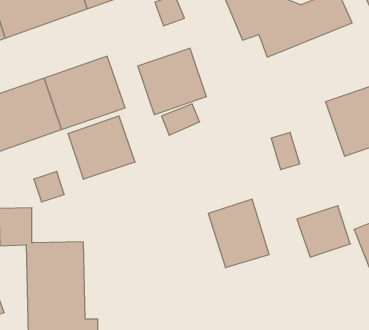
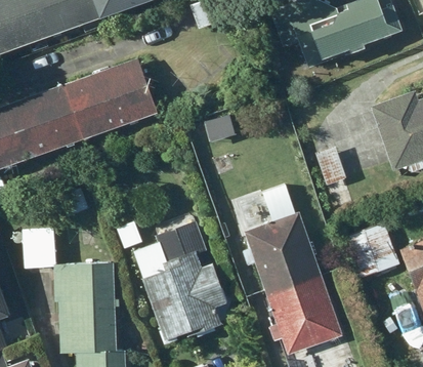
building: [138,48,206,115] -> none
building: [68,116,135,179] -> none
building: none -> [124,211,226,346]
building: none -> [264,276,330,349]

